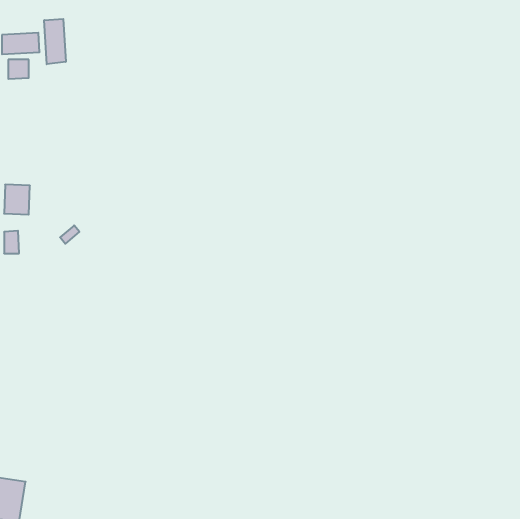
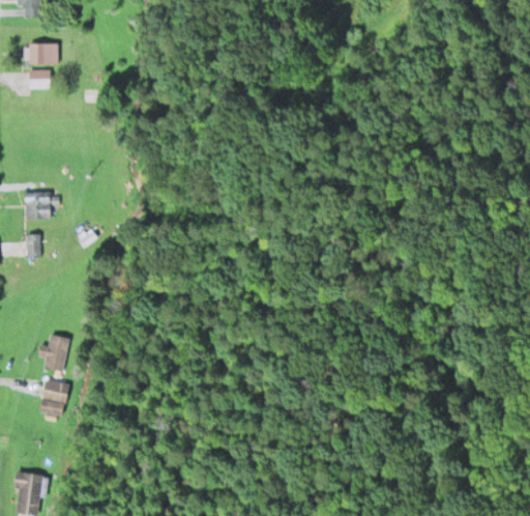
building: [44,19,66,64] -> none
building: none -> [37,334,70,373]
building: none -> [39,379,64,415]

